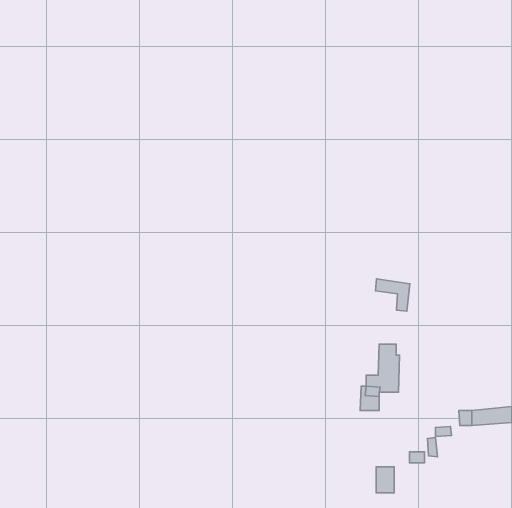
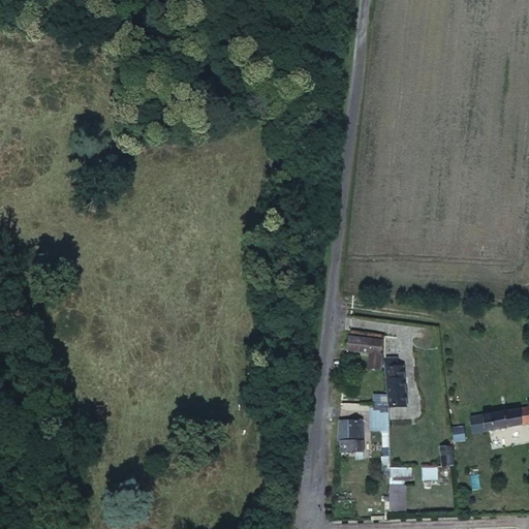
building: [375,279,410,311] -> [349,330,384,363]
building: none -> [339,418,363,454]

